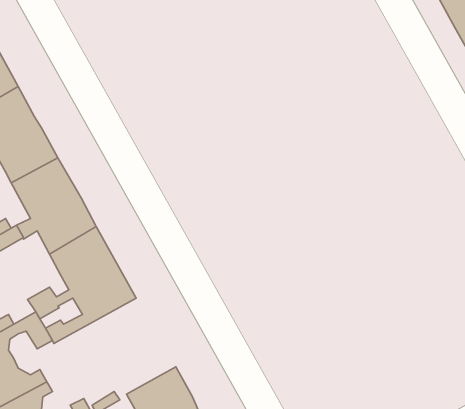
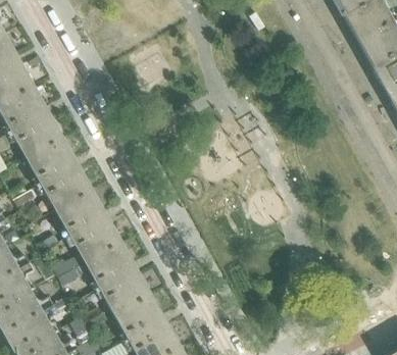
building: none -> [58,242,149,313]

